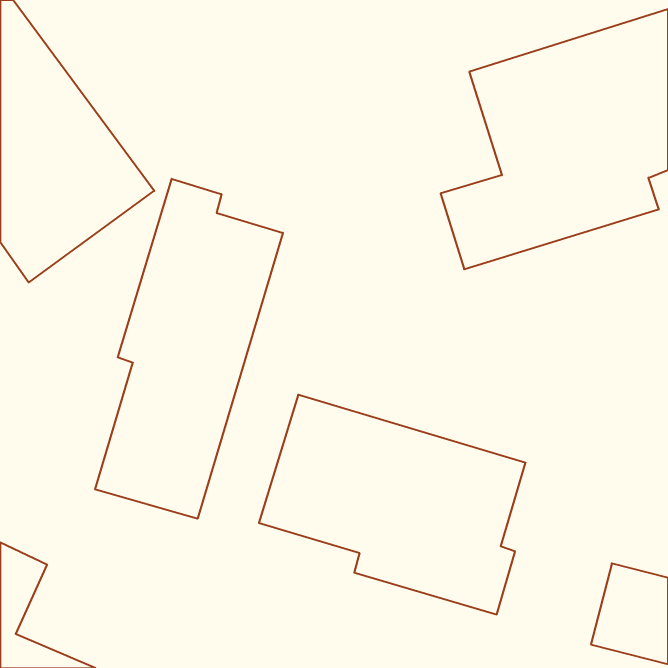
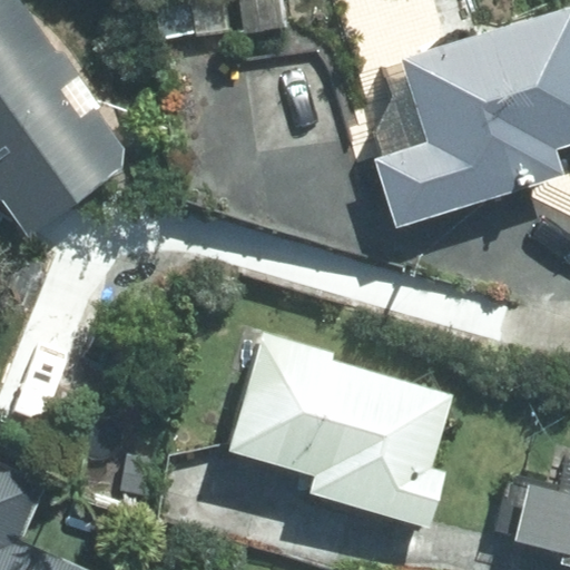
building: [95,179,283,519] -> none

